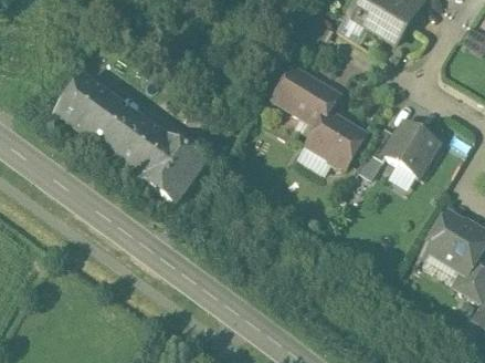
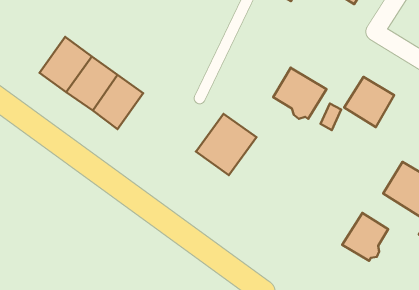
building: [273,66,337,124] -> none
building: [138,137,203,204] -> [196,114,256,175]
building: none -> [342,213,388,261]

